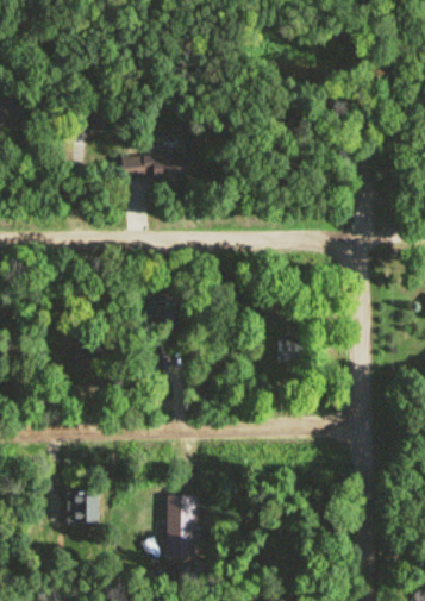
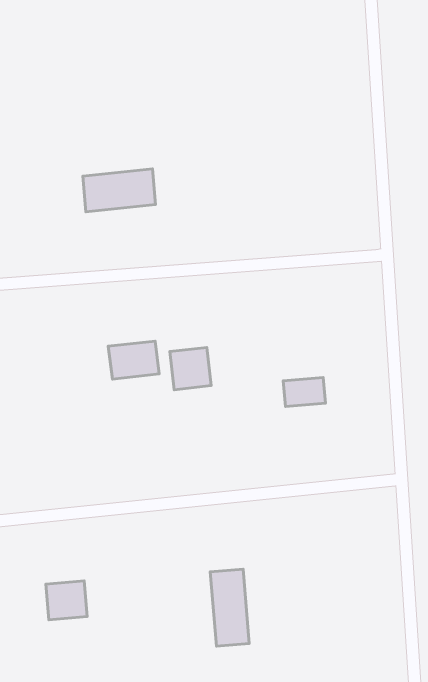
building: none -> [170,347,211,390]
building: [167,495,194,557] -> [210,569,249,646]

